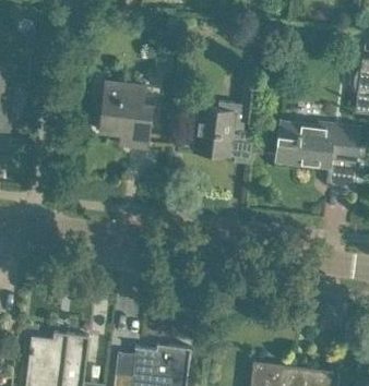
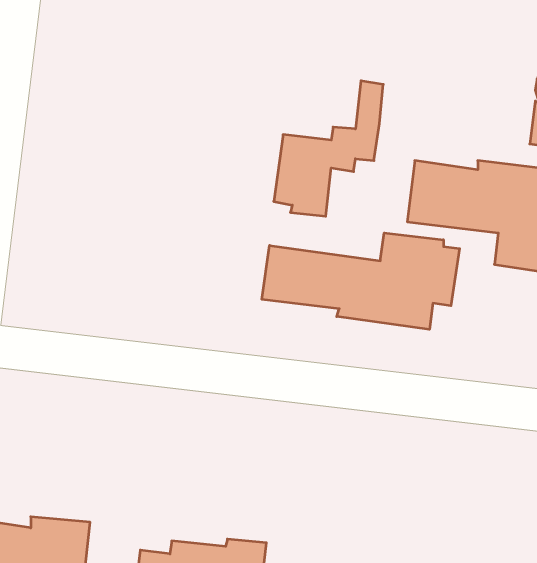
building: [99,82,152,147] -> none
building: none -> [262,233,460,329]

